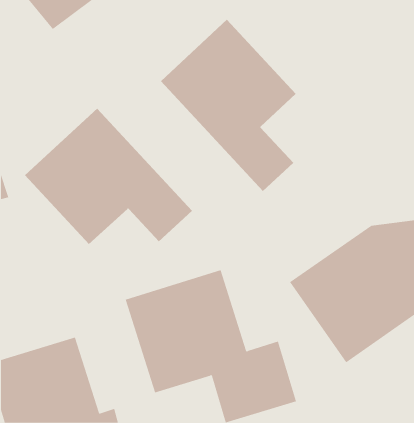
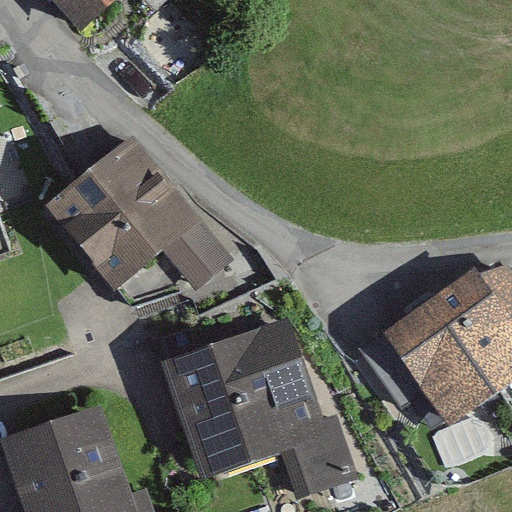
building: [160,19,296,192] -> none

